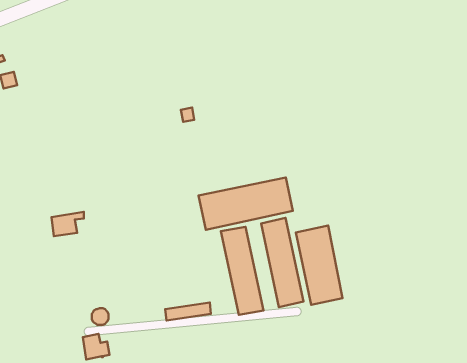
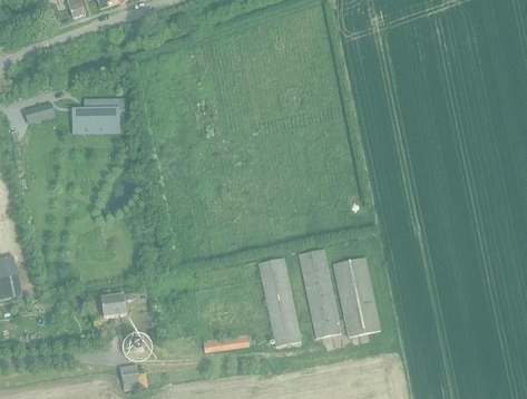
building: none -> [71,99,123,127]
building: [199,177,293,230] -> none
building: [52,212,84,236] -> [100,292,133,317]

